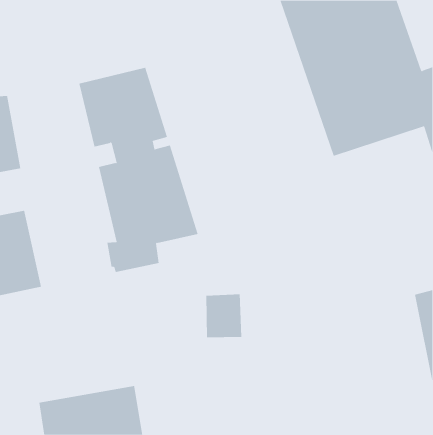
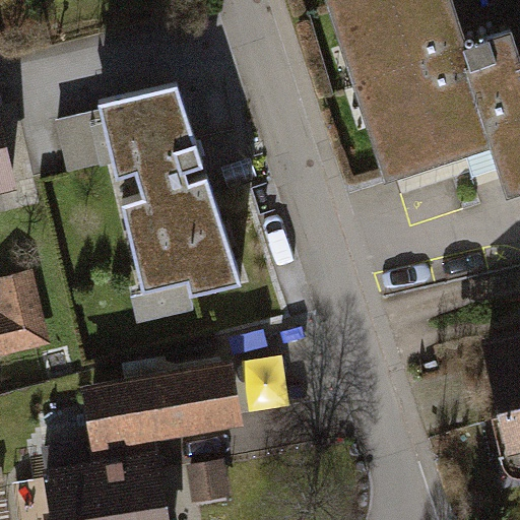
building: none -> [87,372,224,438]

